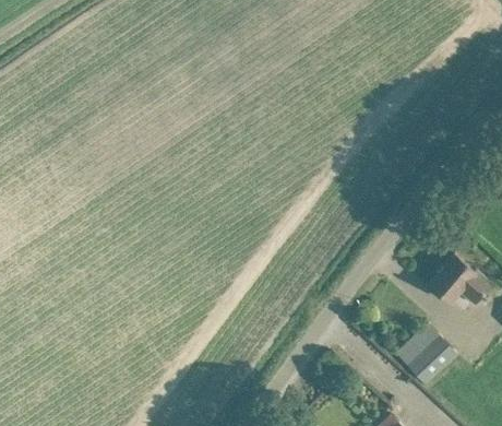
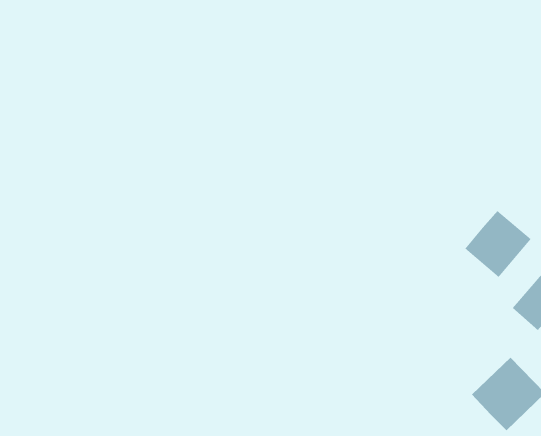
building: none -> [464,210,531,278]

